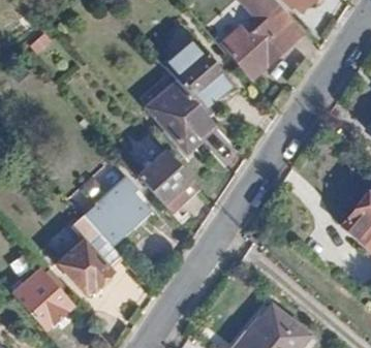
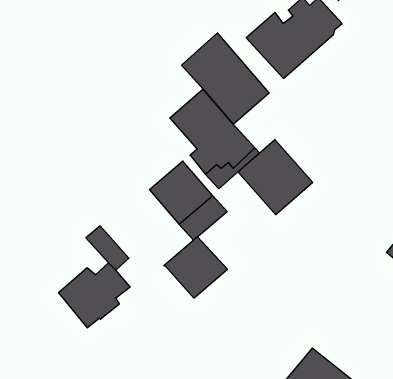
building: none -> [238,139,313,215]
building: [91,176,146,228] -> [164,237,227,298]
building: [10,265,69,325] -> none

